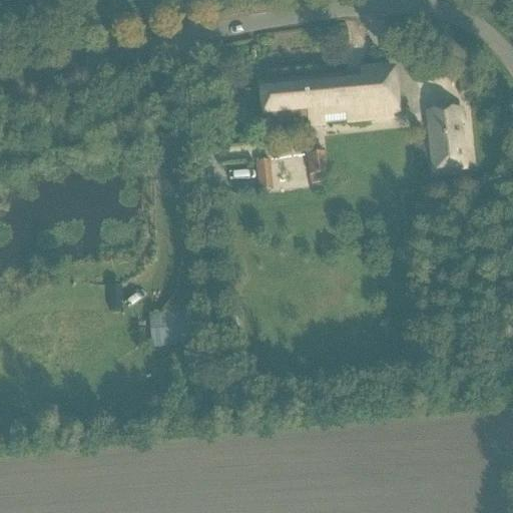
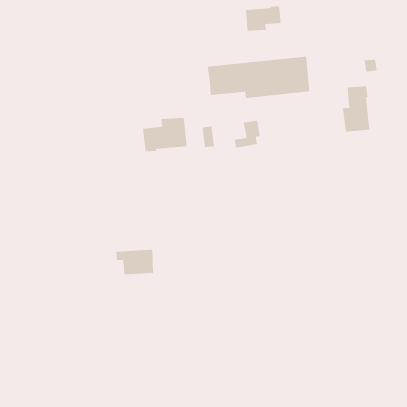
building: none -> [245,6,281,31]
building: none -> [143,117,187,152]

